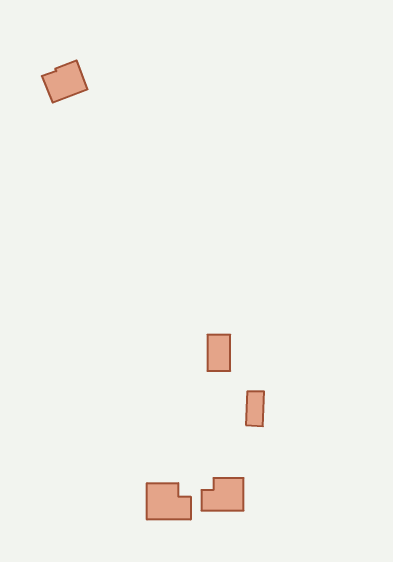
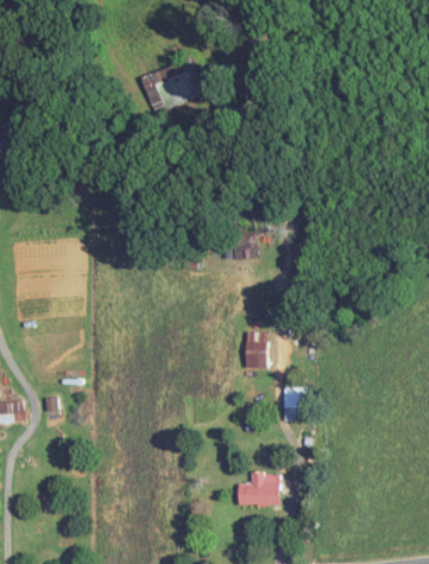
building: [42,60,88,103] -> [151,68,196,109]
building: [147,483,191,520] -> none

